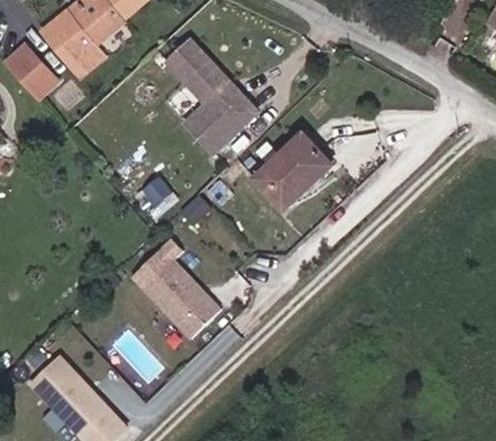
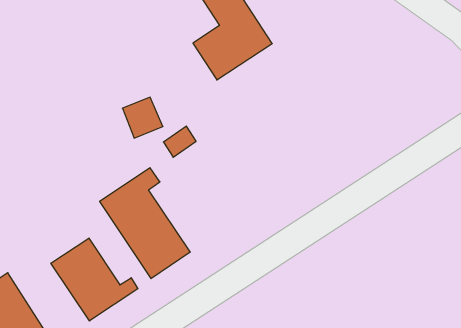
building: [254,132,333,209] -> none
building: none -> [51,238,138,321]

